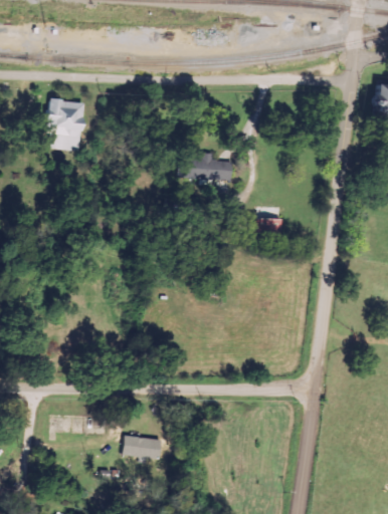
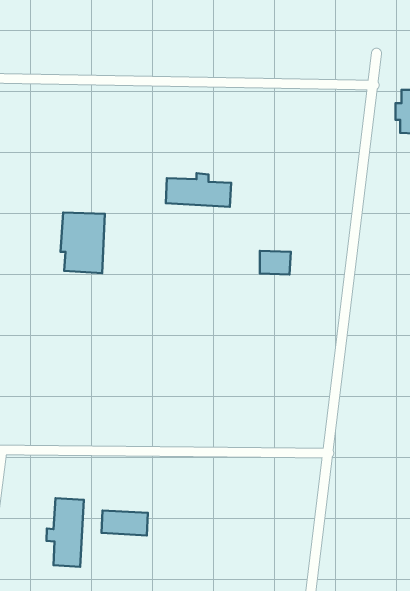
building: [46,99,83,151] -> [61,213,105,273]
building: none -> [47,498,84,567]

